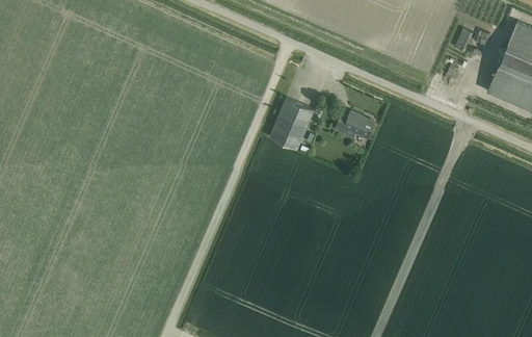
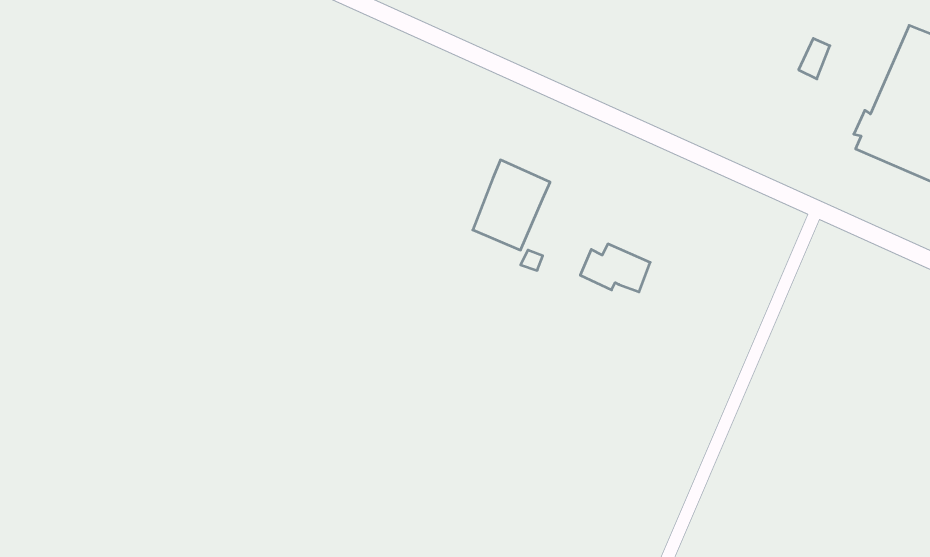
building: [336,110,375,137] -> [580,244,650,292]

